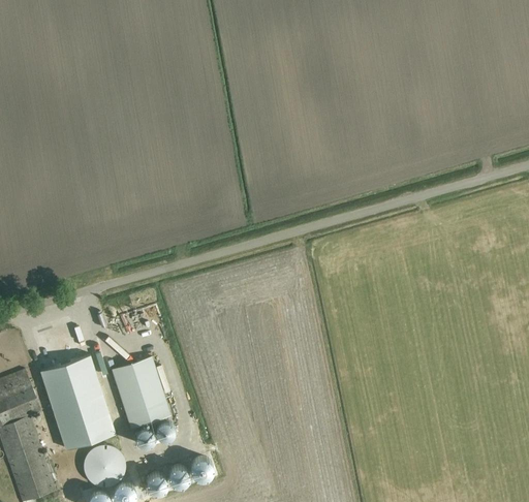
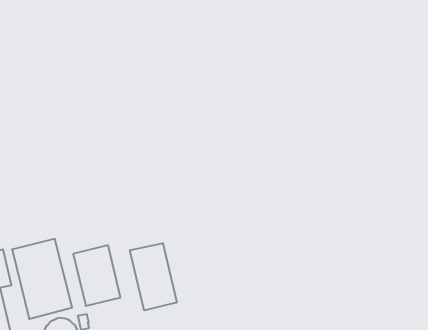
building: none -> [130,243,177,310]

